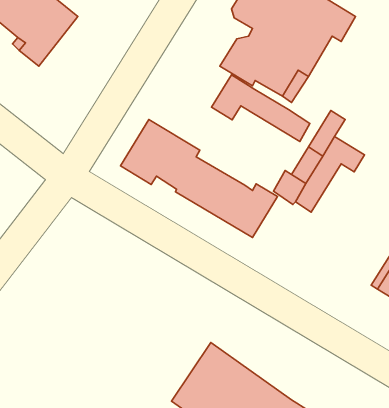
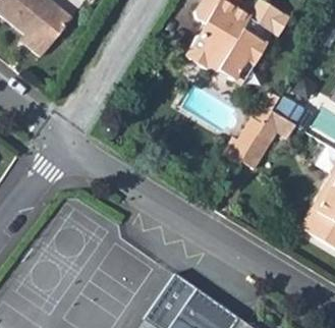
building: [211,75,310,141] -> none
building: [121,120,277,237] -> none

